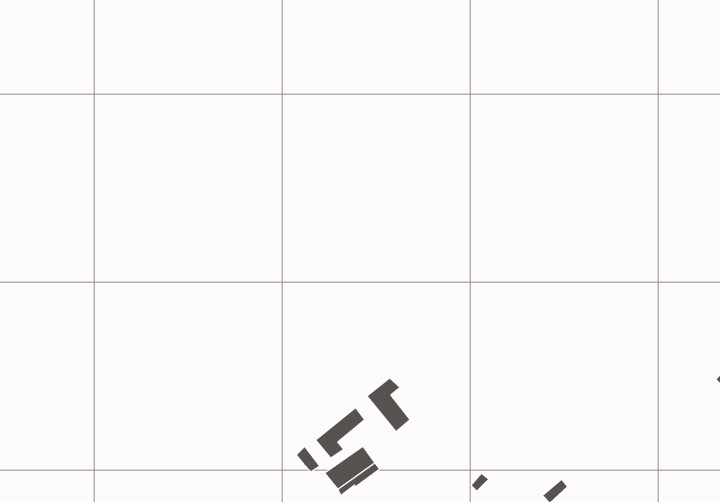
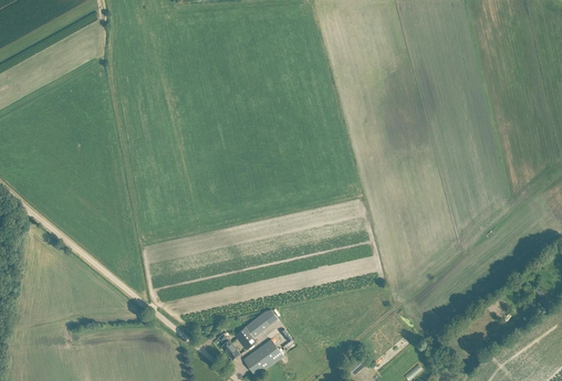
building: [367,378,410,432] -> none

